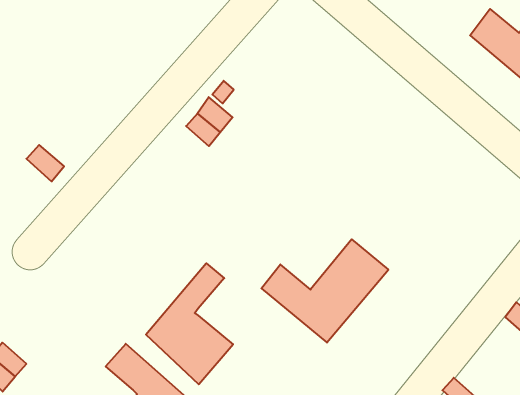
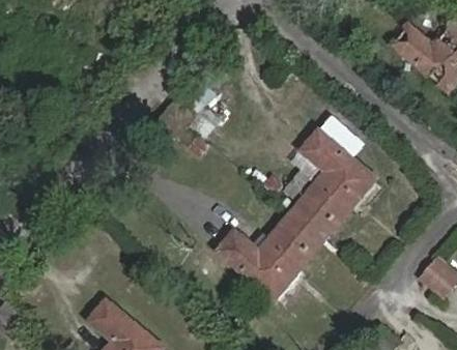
building: none -> [293,132,371,238]
building: [146,263,233,384] -> none

